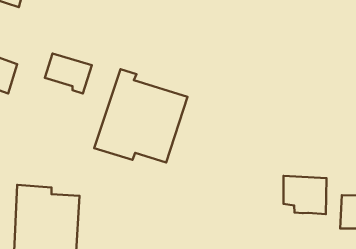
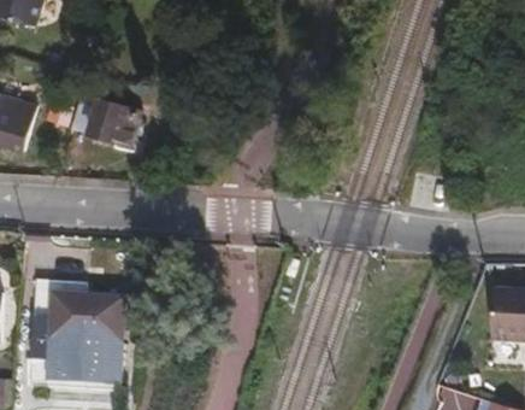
building: [94,69,187,162] -> none
building: [283,176,327,214] -> none

